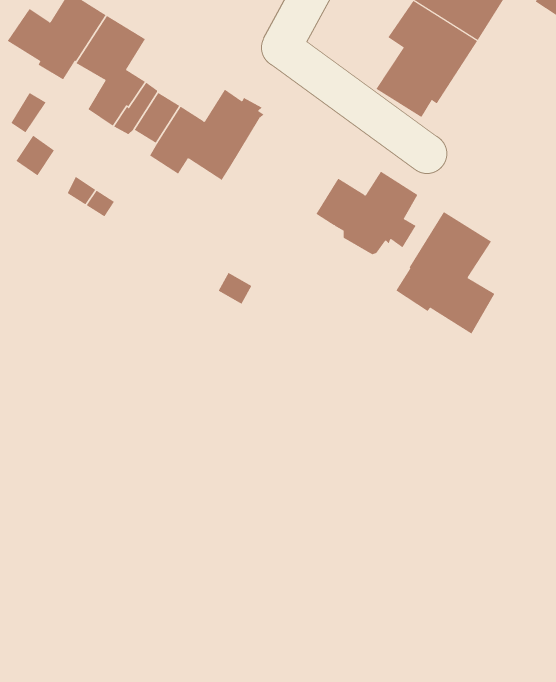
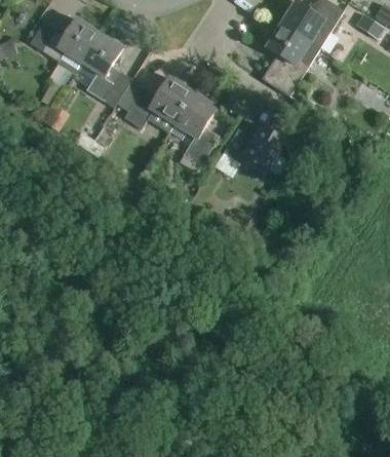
building: none -> [167,91,219,164]
building: [396,211,495,334] -> none

